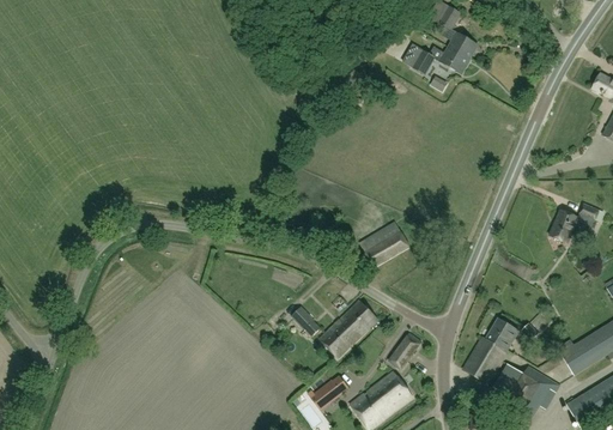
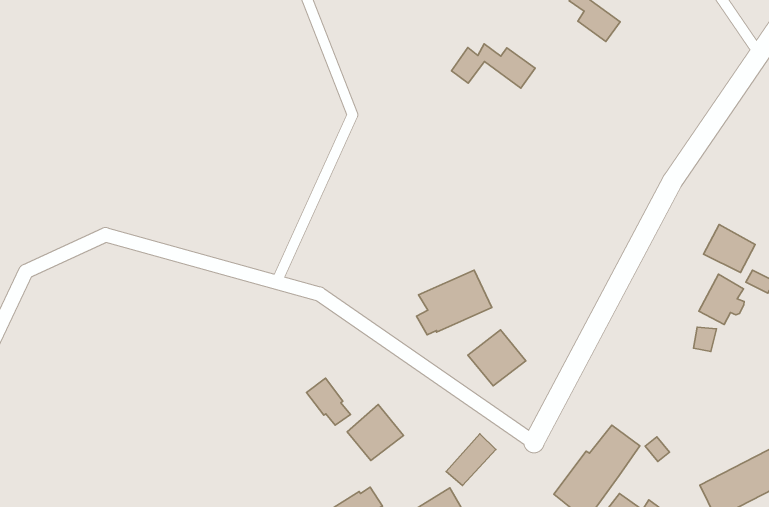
building: [413,46,469,73] -> [452,44,535,88]
building: none -> [703,224,755,272]
building: [339,299,378,338] -> [468,330,526,386]

